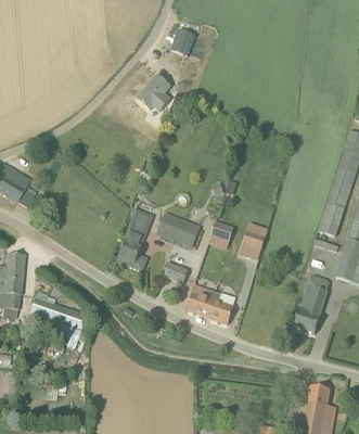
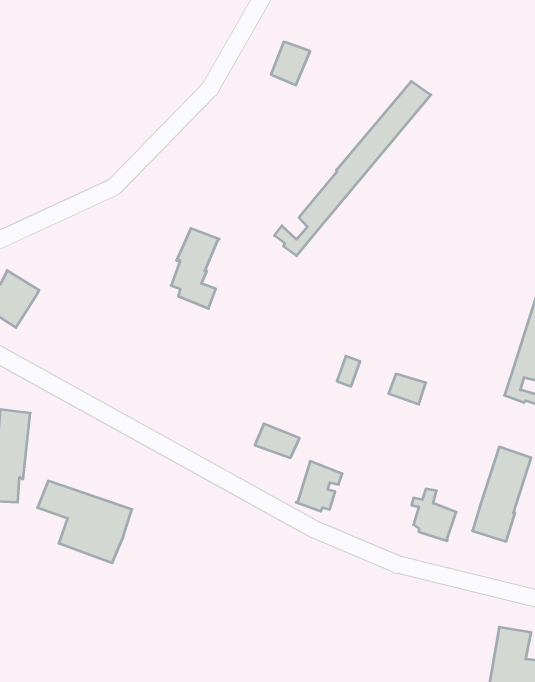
building: none -> [274,81,431,256]
building: [137,74,170,110] -> none
building: [158,213,200,245] -> none
building: [119,220,149,269] -> [171,228,219,309]
building: [206,291,233,322] -> [412,489,456,541]

